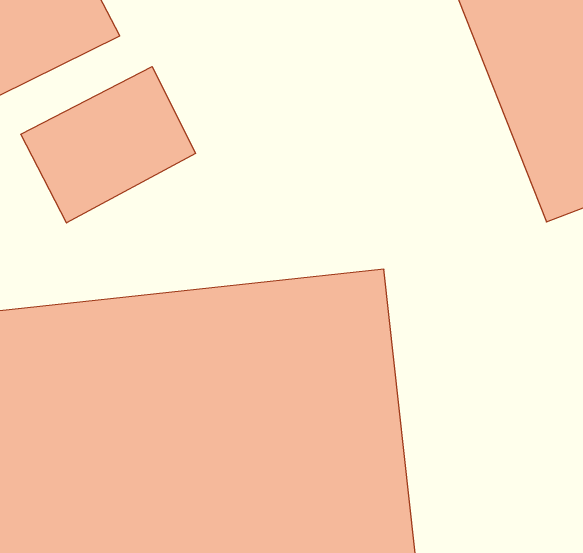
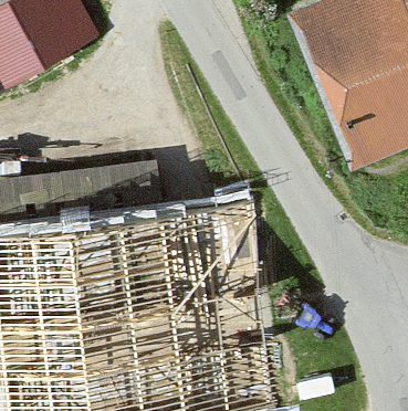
building: [21,67,196,223] -> none

